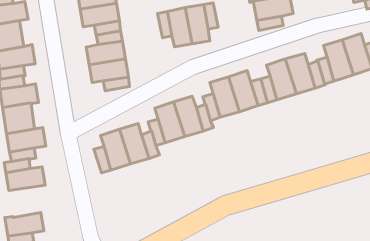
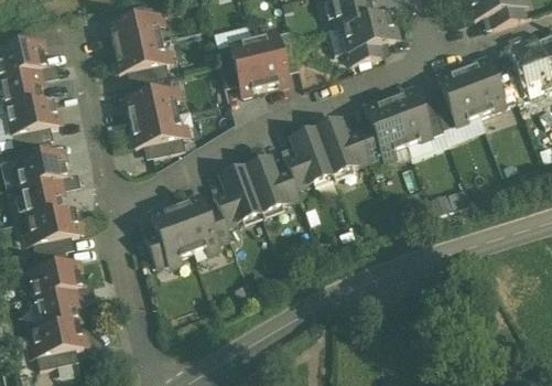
building: none -> [34,288,78,331]

